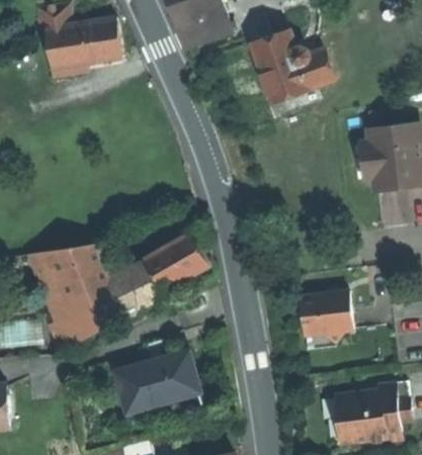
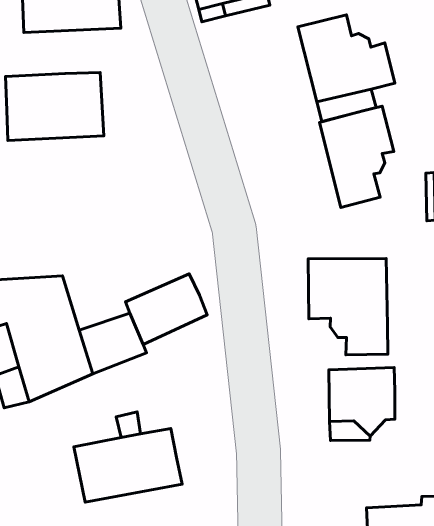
building: none -> [6,72,104,140]
building: none -> [319,106,394,207]
building: none -> [308,258,388,355]

